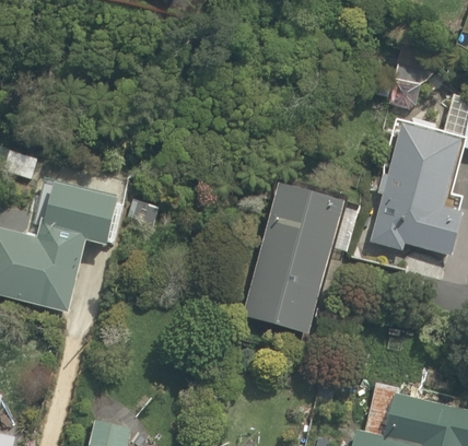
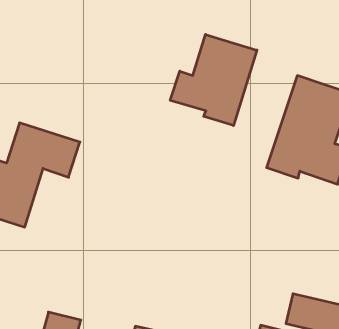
building: none -> [170,34,257,126]
building: [239,186,349,338] -> none

